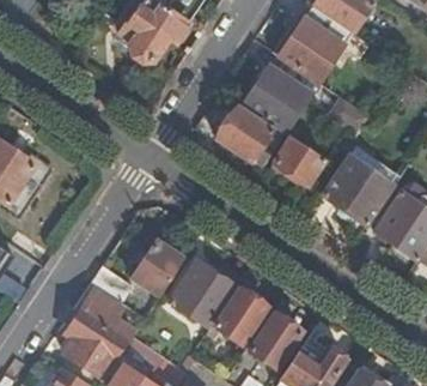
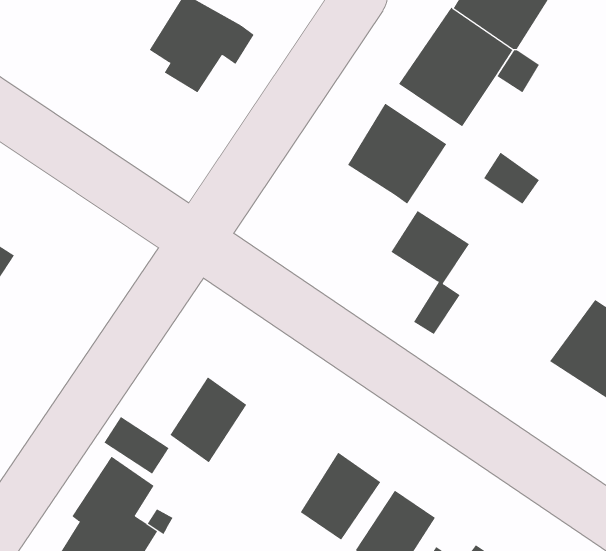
building: [216,104,283,167] -> none
building: [322,155,394,224] -> none
building: [169,259,239,327] -> none

